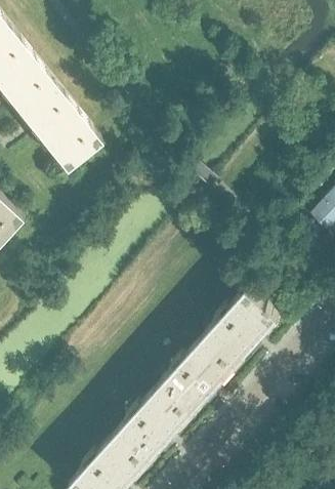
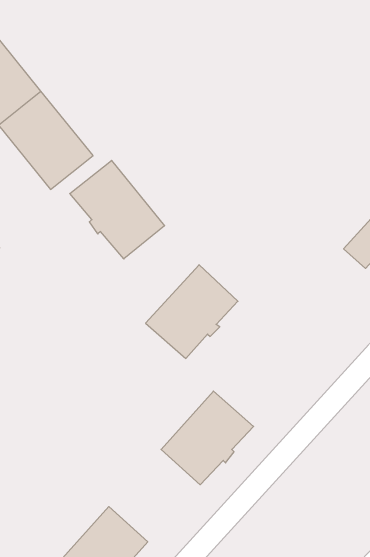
building: none -> [70,160,165,259]
building: [201,289,279,368] -> [146,265,238,358]
building: [113,388,190,465] -> none

